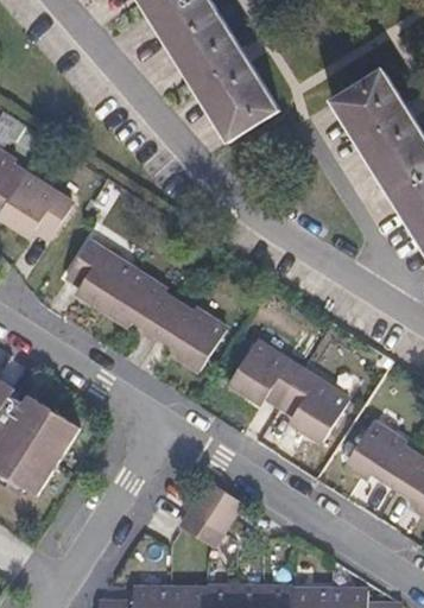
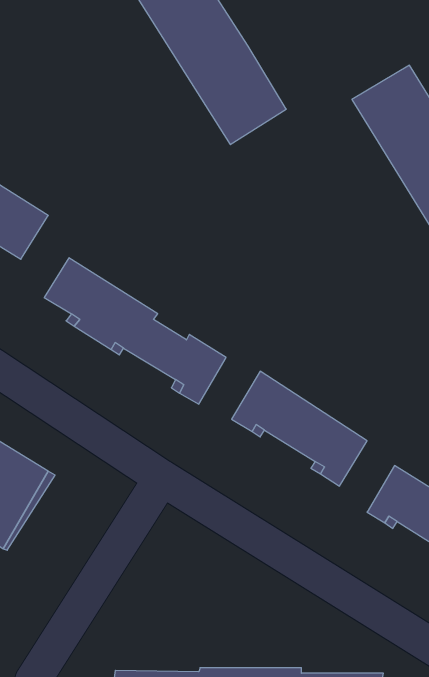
building: [179,482,240,549] -> none

